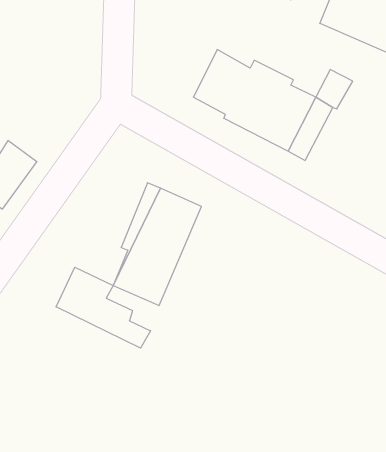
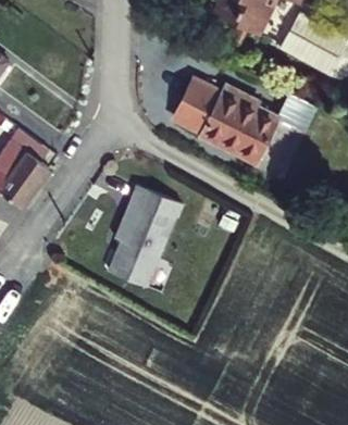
building: [56,267,151,348] -> none

